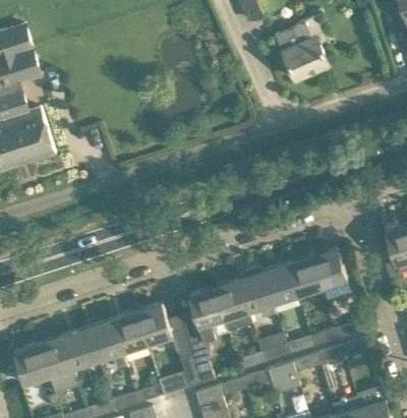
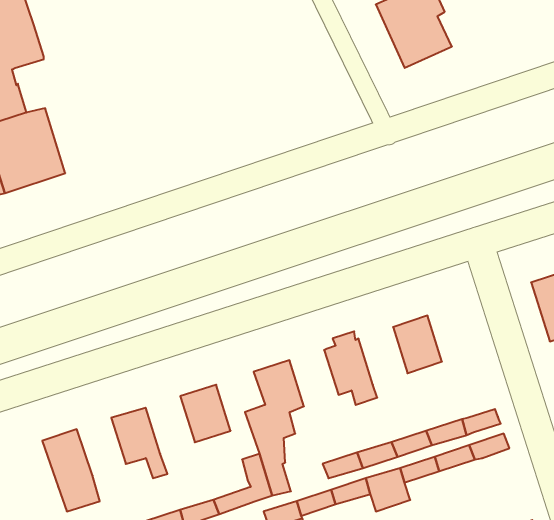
building: [311,246,351,301] -> none
building: [263,262,297,303] -> none
building: [214,279,252,331] -> none
building: [112,311,147,352] -> none
building: [63,326,98,367] -> none
building: [14,343,50,383] -> none

